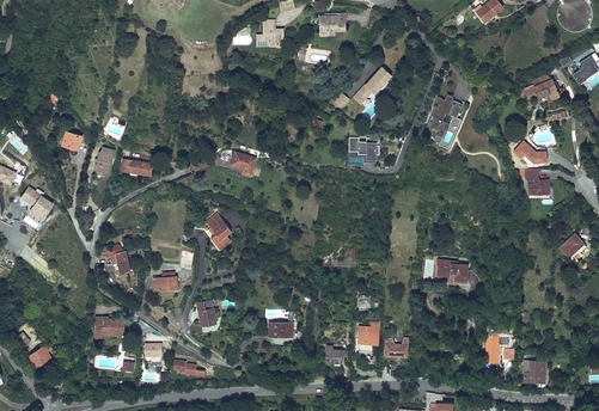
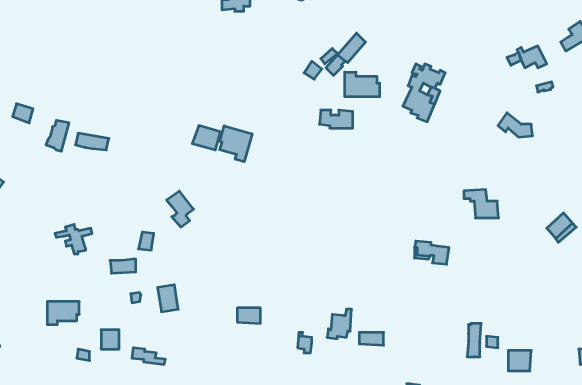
building: none -> [345,72,380,97]
building: none -> [220,126,252,162]
building: [518,168,550,195] -> [464,190,499,218]

